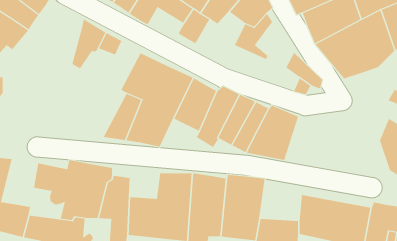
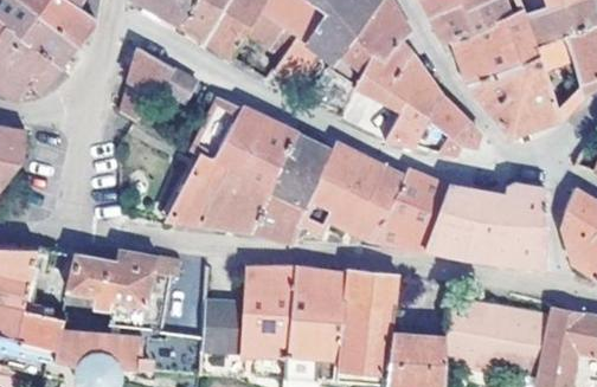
building: none -> [384,52,439,147]
building: none -> [426,182,546,264]
building: none -> [249,191,304,240]

